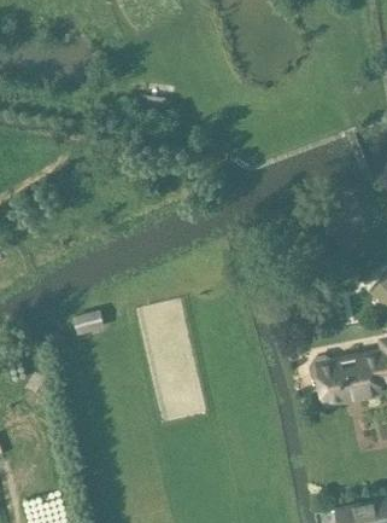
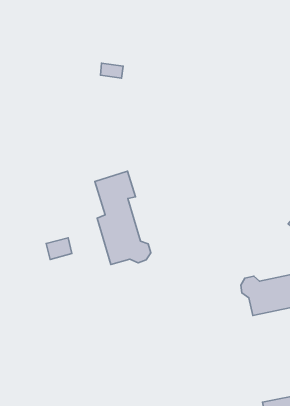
building: none -> [95,171,151,265]

